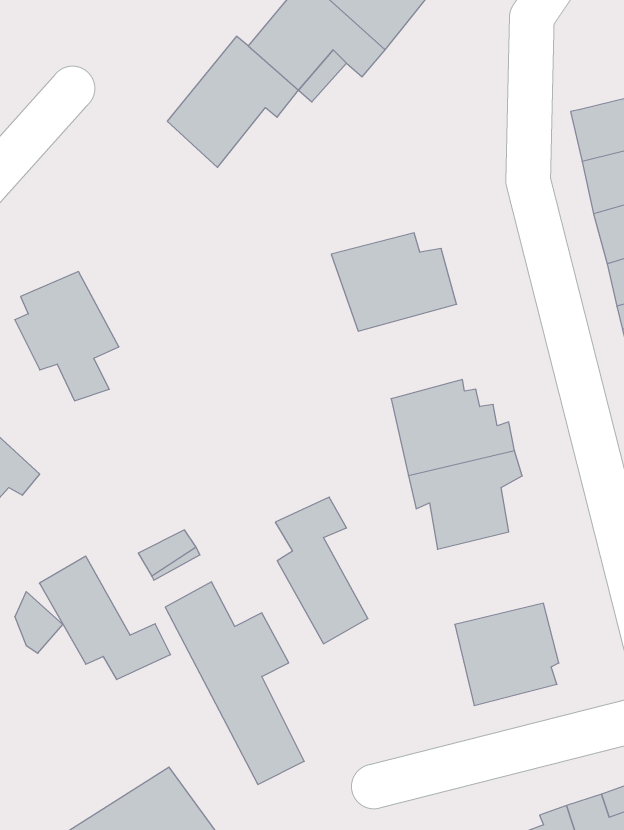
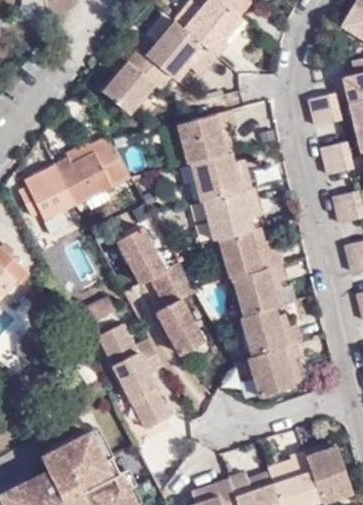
building: none -> [173,107,233,159]
building: none -> [55,141,128,207]
building: none -> [200,185,260,235]
building: none -> [241,303,303,351]
building: [39,556,171,680] -> [117,234,185,298]

